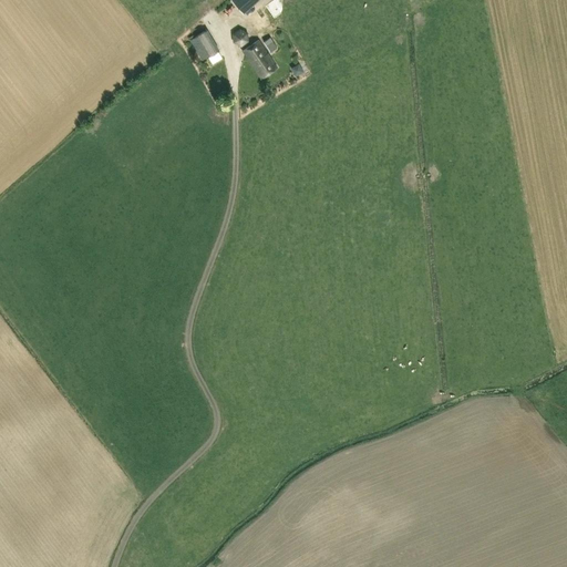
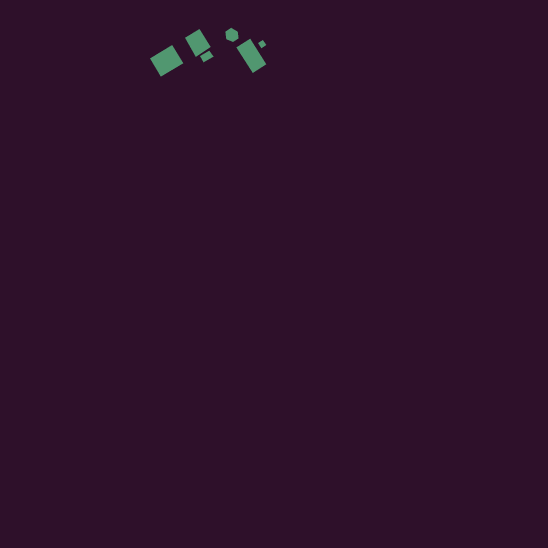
building: none -> [149,44,185,78]

